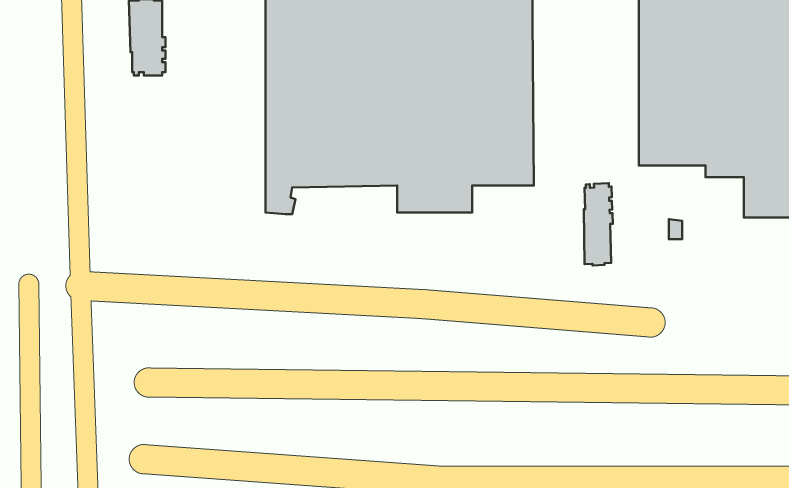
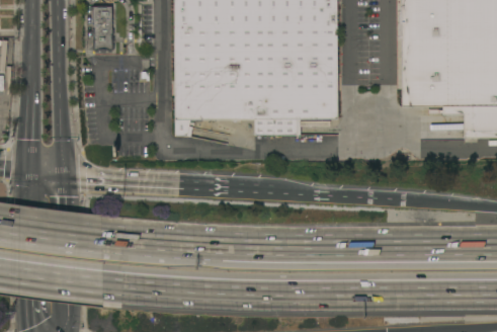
building: [584,183,613,265] -> none

